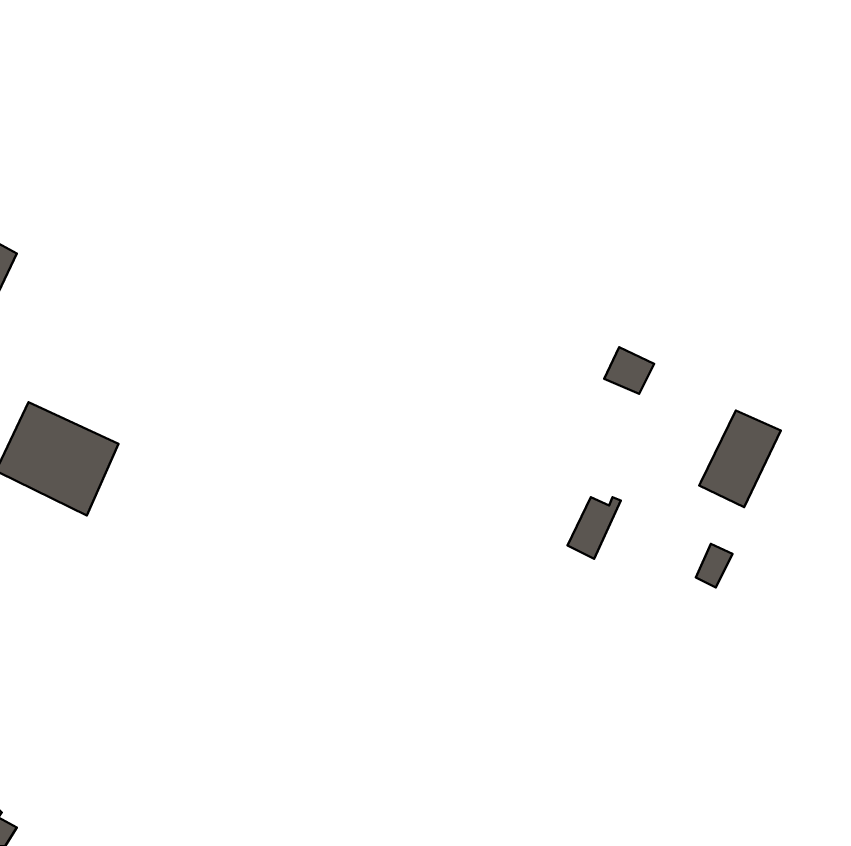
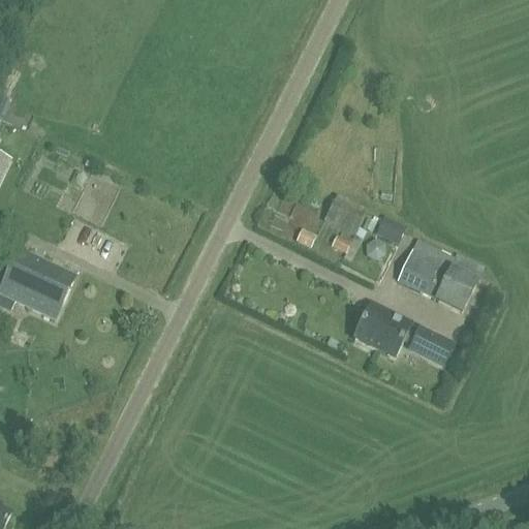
building: none -> [396,239,454,299]
building: none -> [368,310,409,357]
building: none -> [407,325,440,357]

